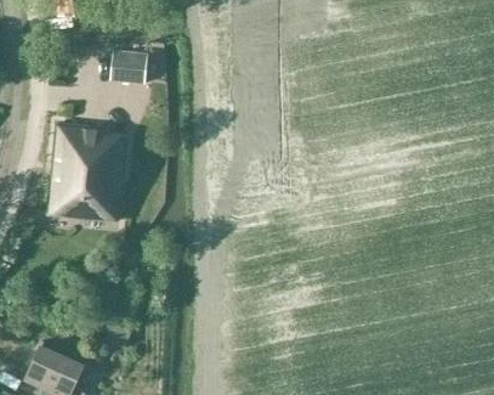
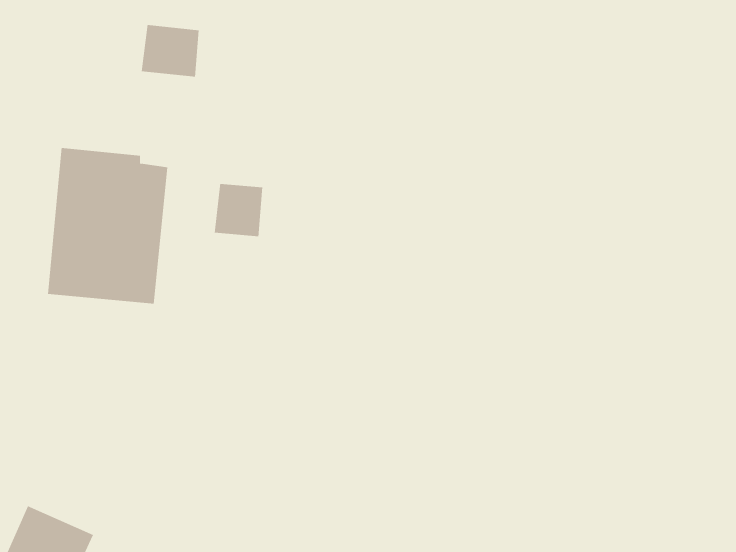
building: none -> [214,183,263,237]

